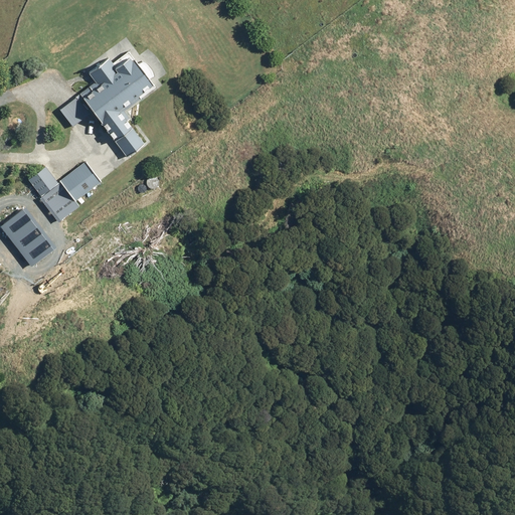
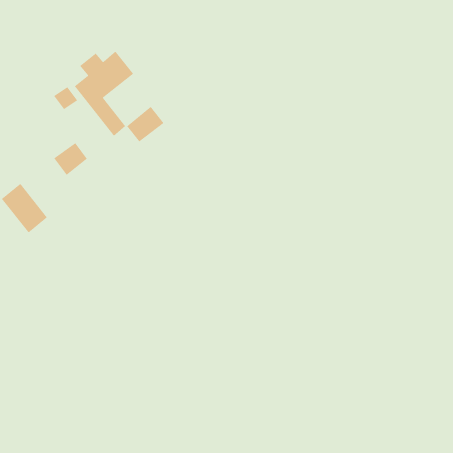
building: none -> [126,106,165,142]
building: [28,167,77,221] -> none

